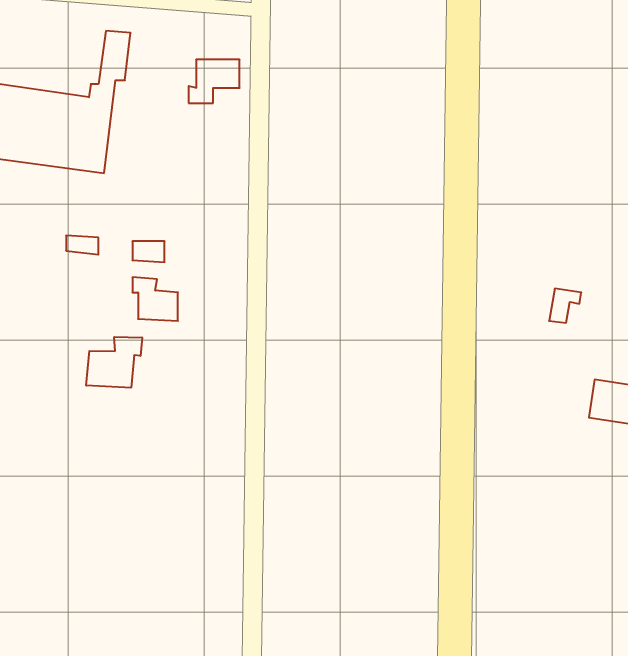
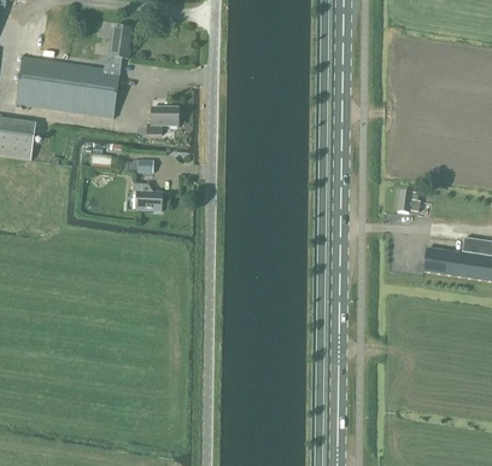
building: [189,60,240,103] -> [146,106,178,134]
building: [86,337,142,388] -> none

